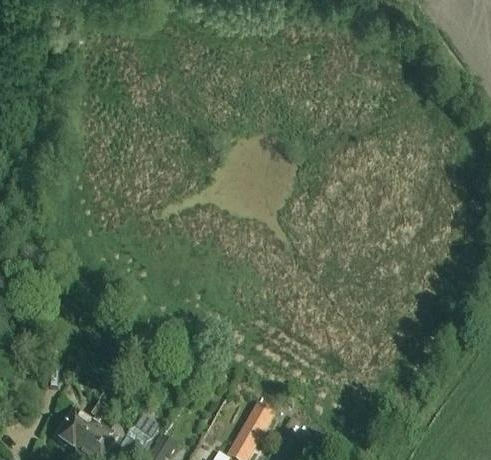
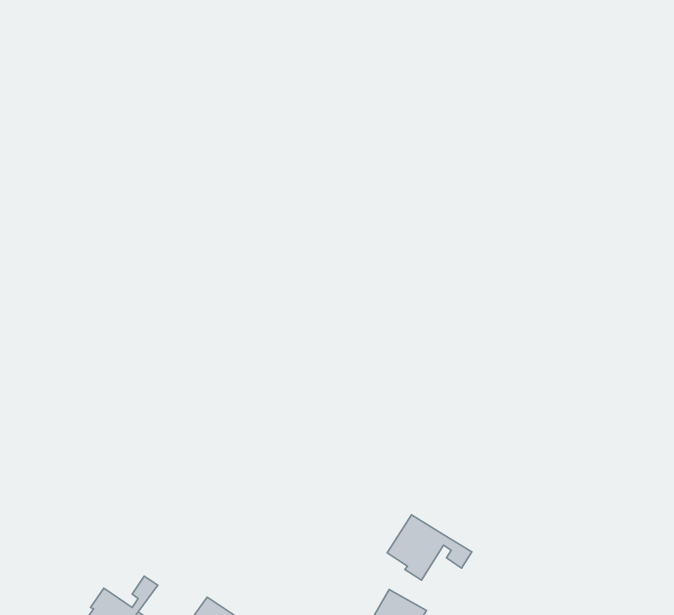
building: none -> [387,515,472,580]

